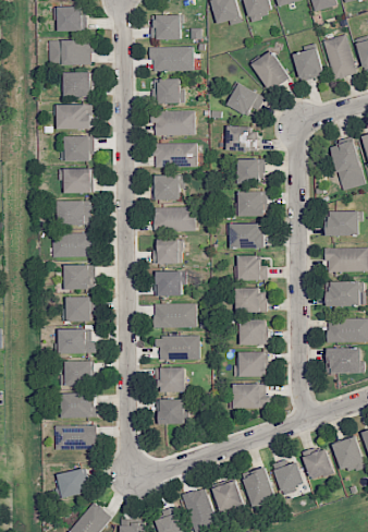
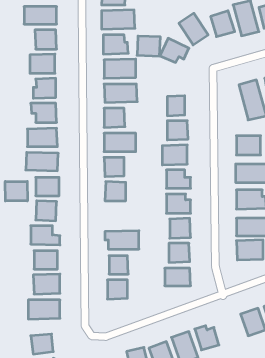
building: [225,125,256,152] -> [137,36,160,56]
building: none -> [5,181,27,201]
building: [154,303,196,327] -> none
building: [303,446,333,477] -> none

